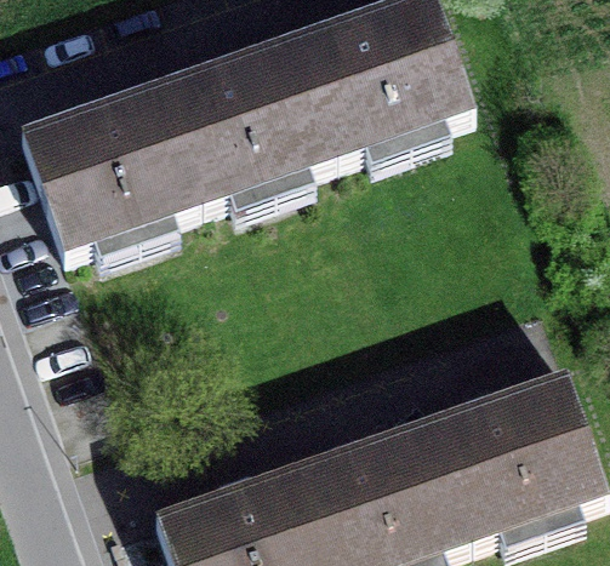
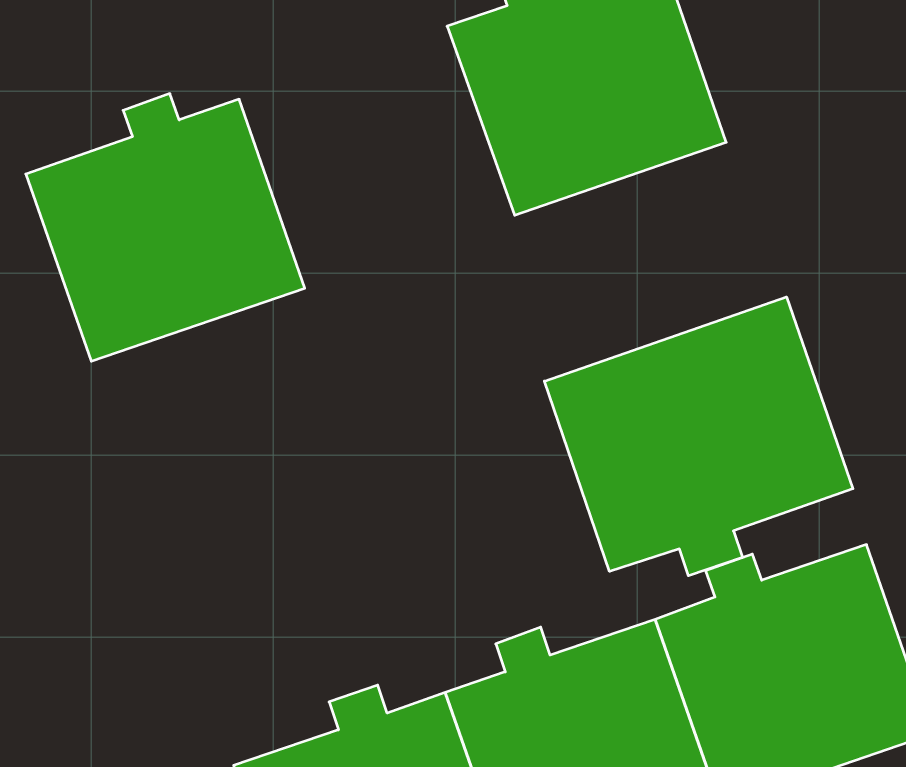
building: [159,39,337,208] -> none
building: none -> [544,297,853,576]

